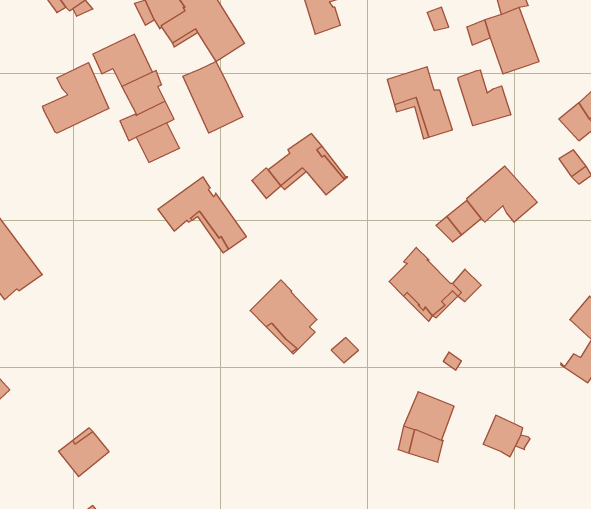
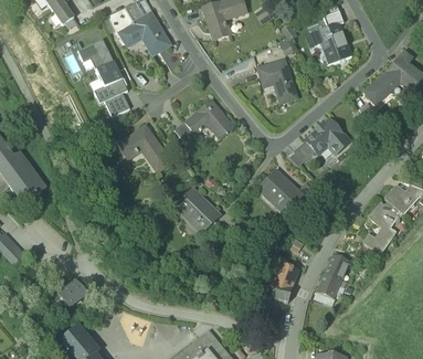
building: [183,61,243,133] -> none
building: [42,63,109,133] -> none
building: [458,70,511,126] -> none
building: none -> [324,251,350,279]

